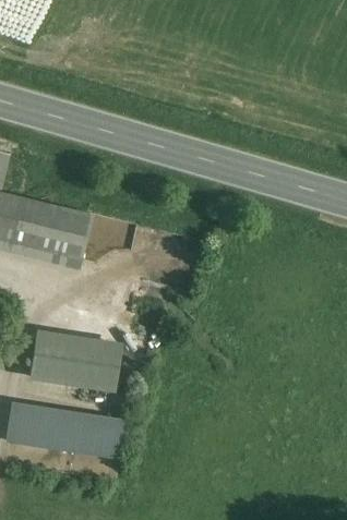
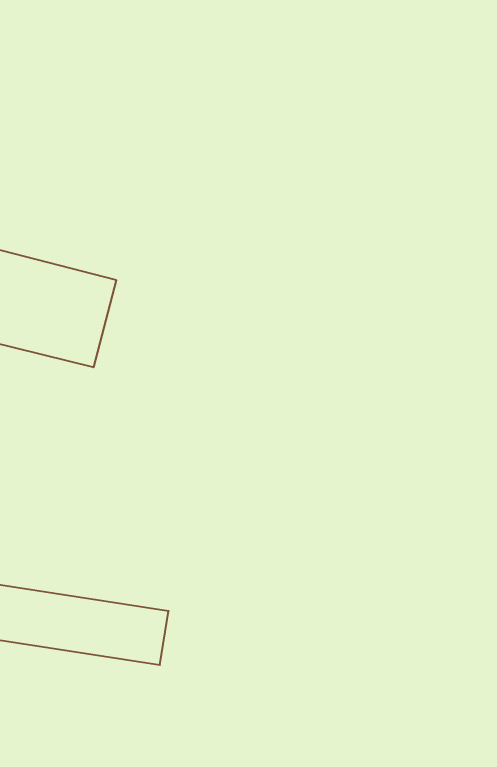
building: [33,331,124,389] -> none

